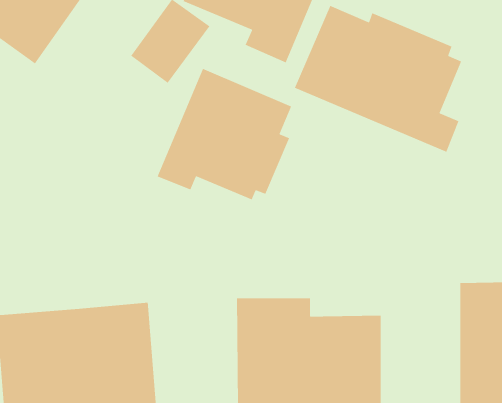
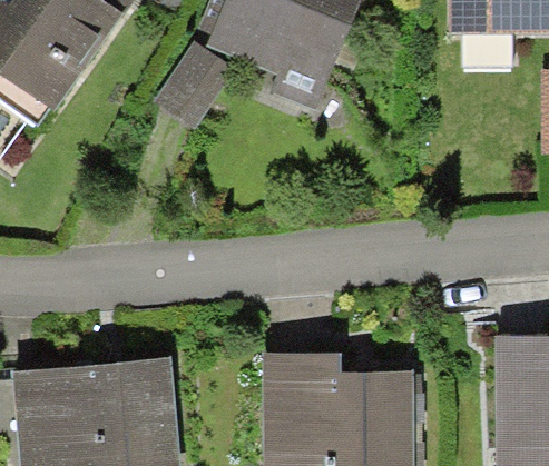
building: [294,5,462,153] -> none
building: [157,68,292,201] -> none

